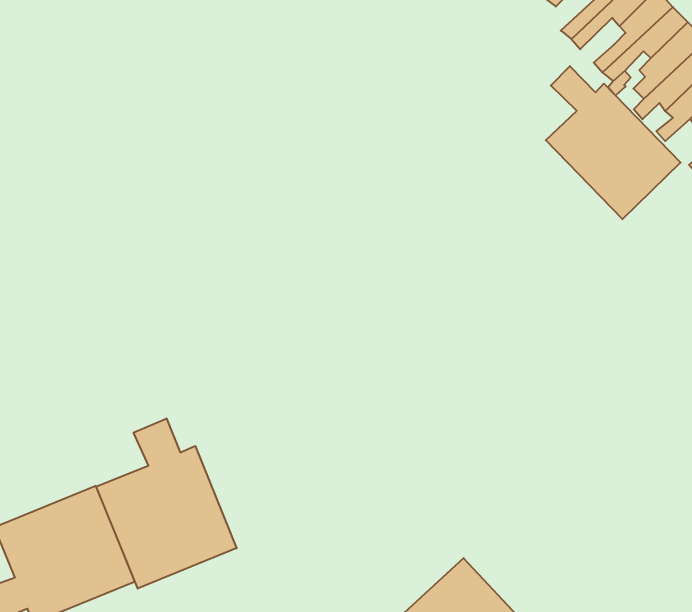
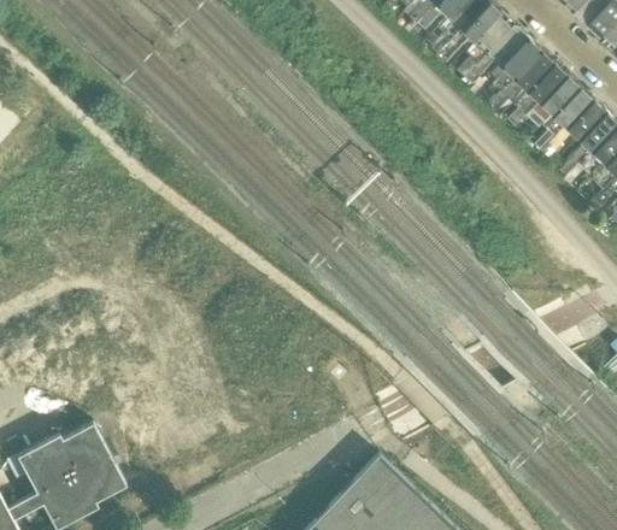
building: [546,66,681,219] -> none
building: [96,418,237,589] -> none

